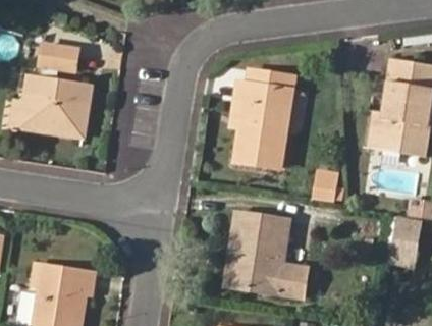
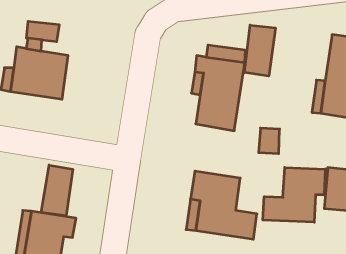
building: none -> [245,25,275,76]
building: none -> [41,165,73,216]
building: none -> [263,167,325,222]

